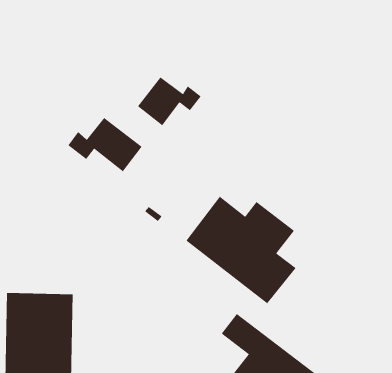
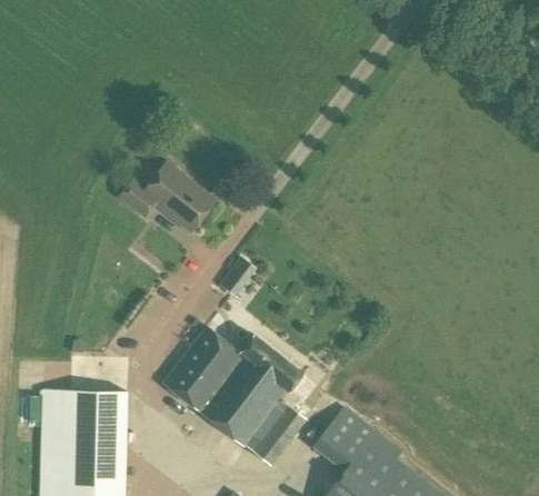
building: [137,76,202,126] -> none
building: [186,196,296,304] -> [164,328,306,466]

